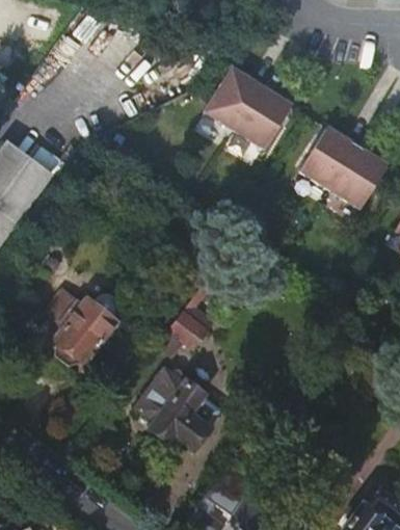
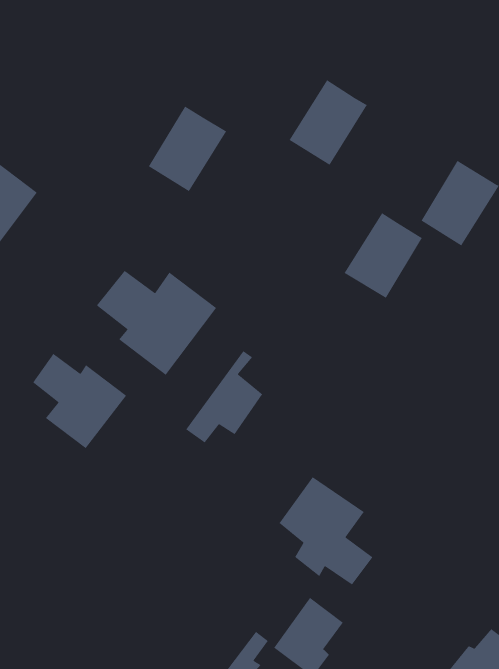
building: [204,69,262,132] -> [148,106,227,192]
building: [299,128,357,191] -> [344,212,423,299]
building: none -> [96,270,217,376]
building: [139,368,209,448] -> [278,476,373,586]

